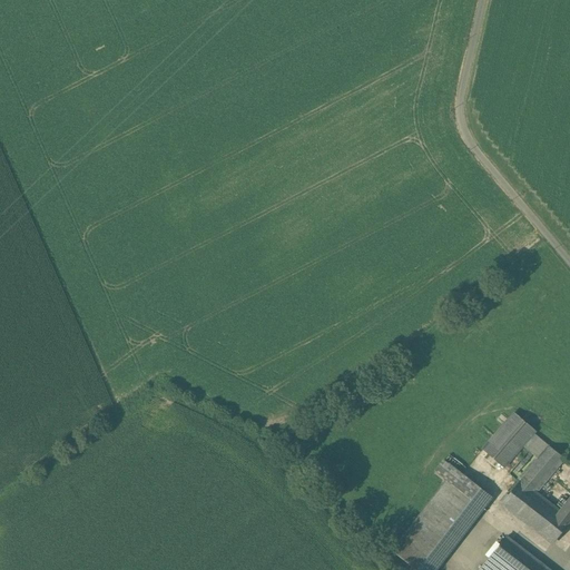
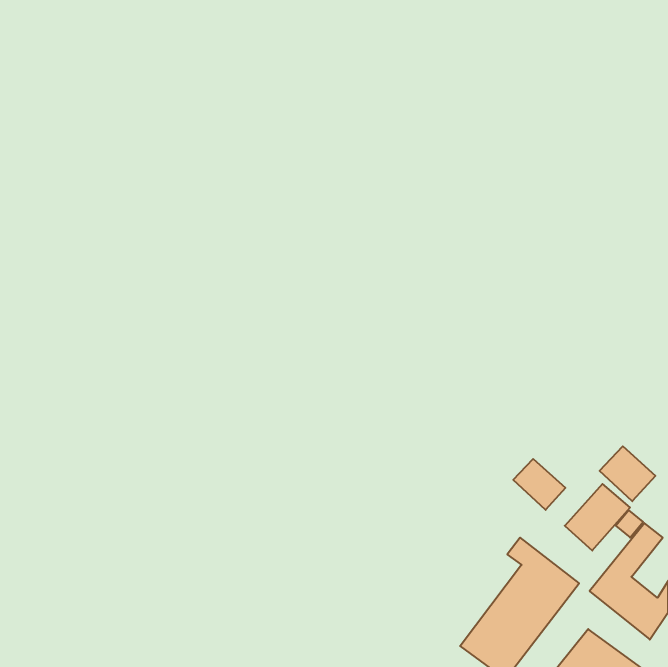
building: none -> [600,446,655,501]
building: none -> [513,459,565,510]

